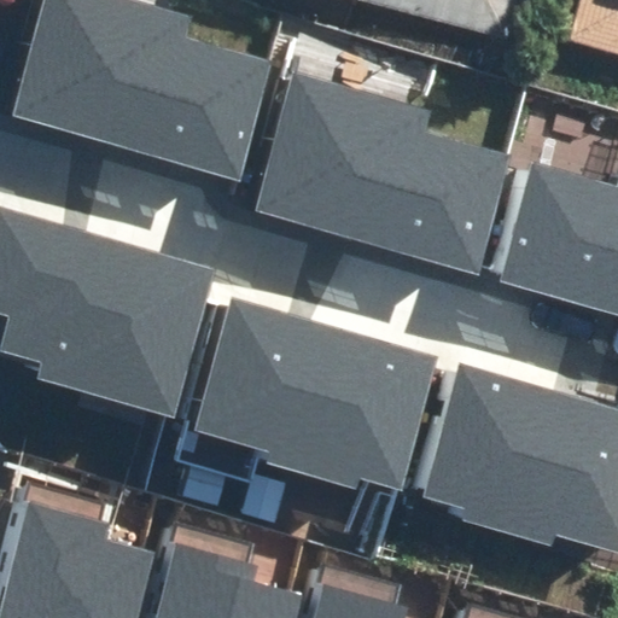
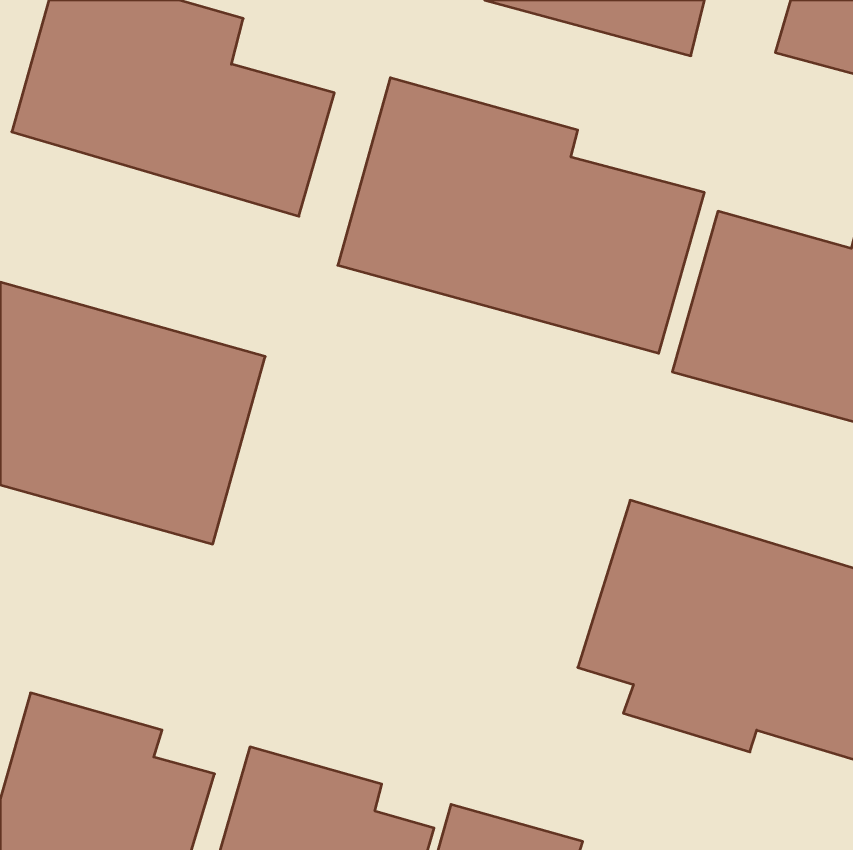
building: [186,298,431,489] -> none

